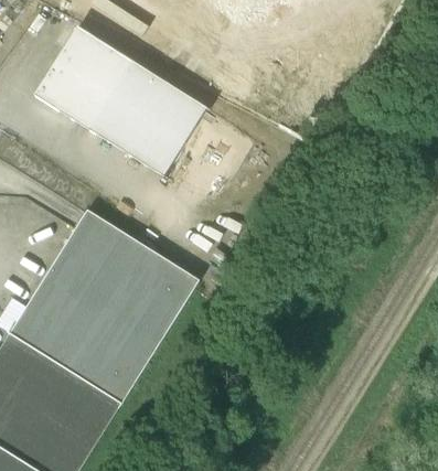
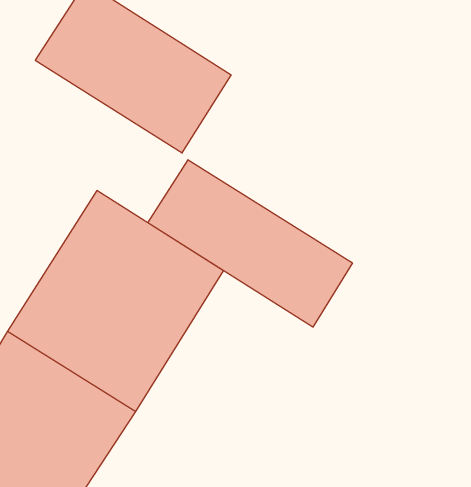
building: none -> [148,160,352,327]

